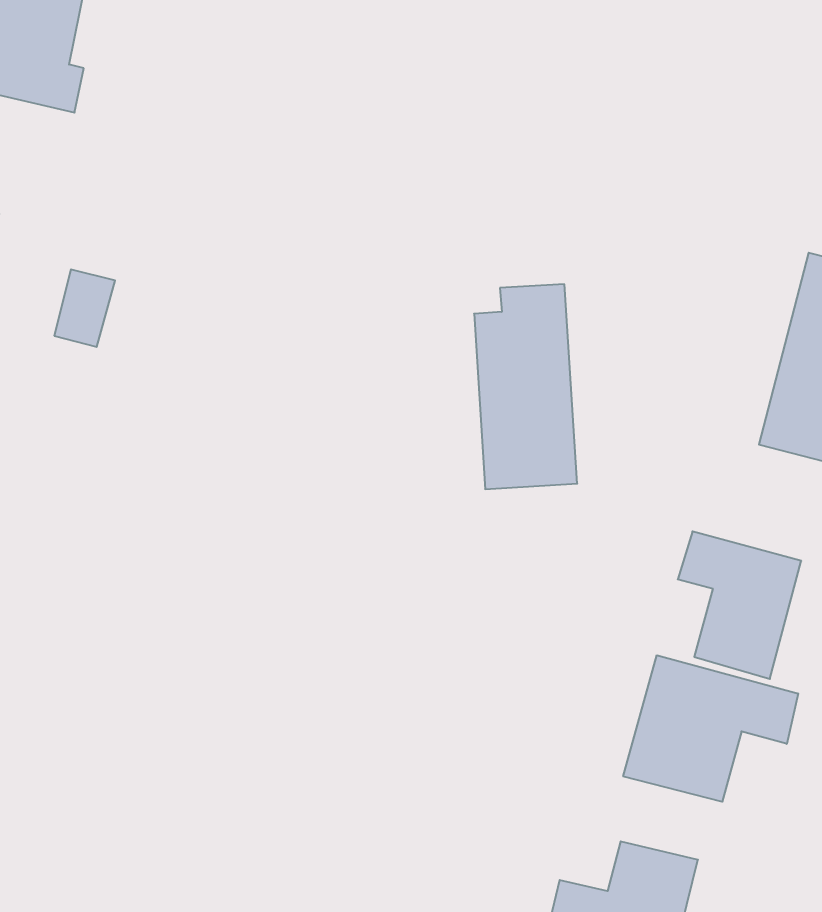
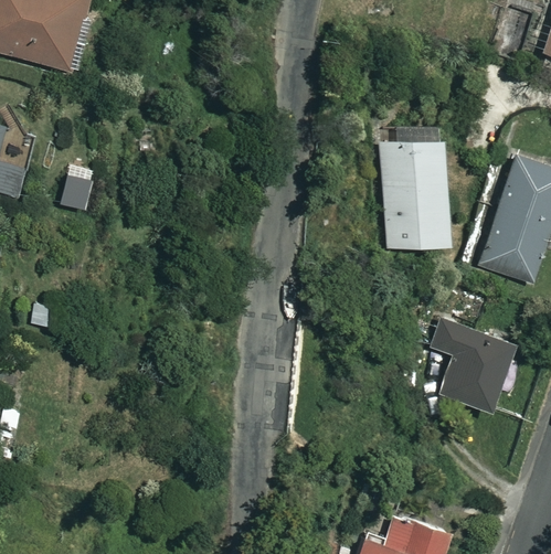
building: [474,284,577,489] -> [381,126,443,248]
building: [623,655,798,802] -> none

